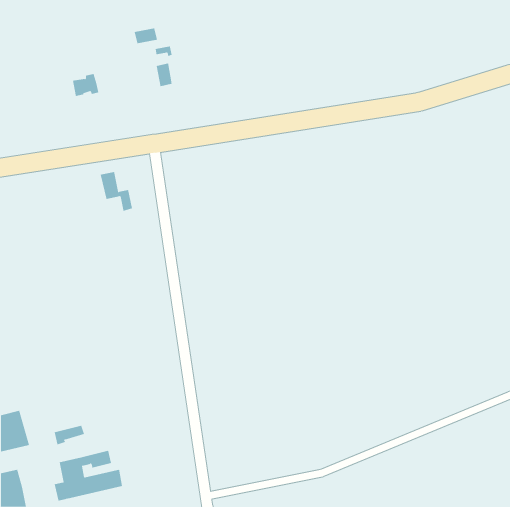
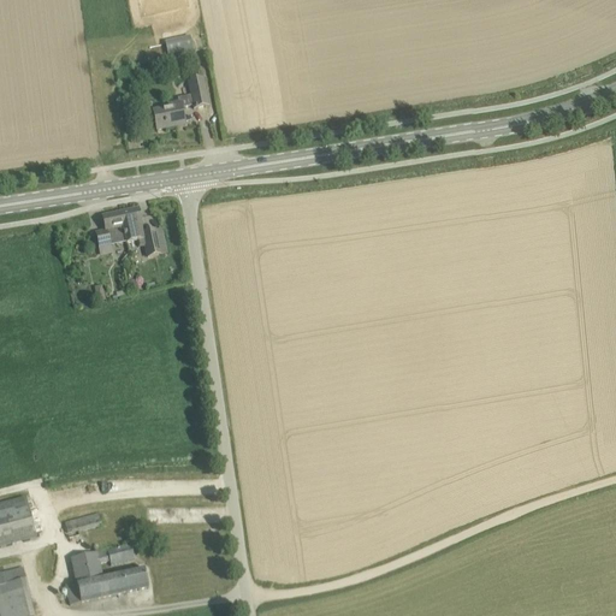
building: [72,74,99,97] -> [153,100,185,128]
building: none -> [96,211,128,247]

